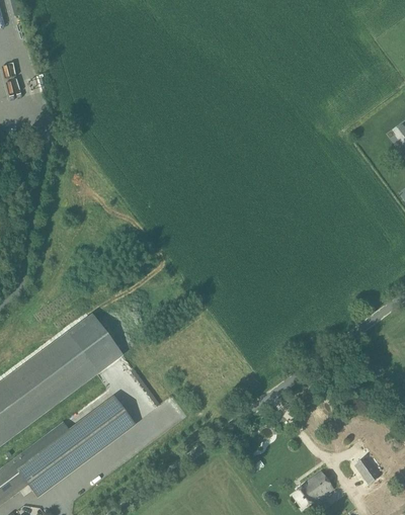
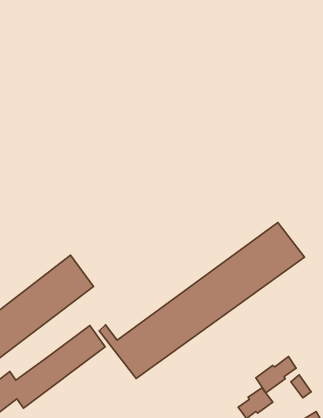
building: none -> [99,222,304,378]
building: none -> [256,357,296,393]

